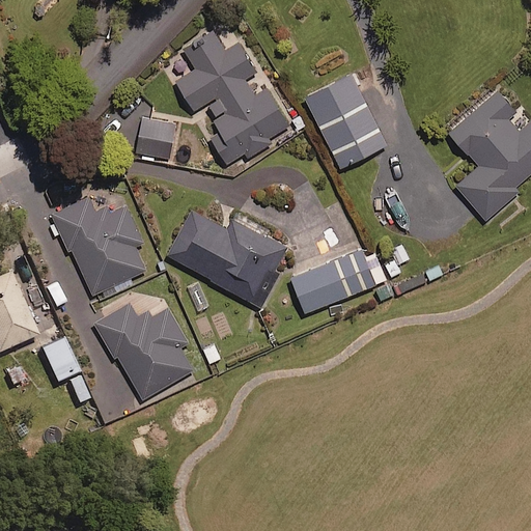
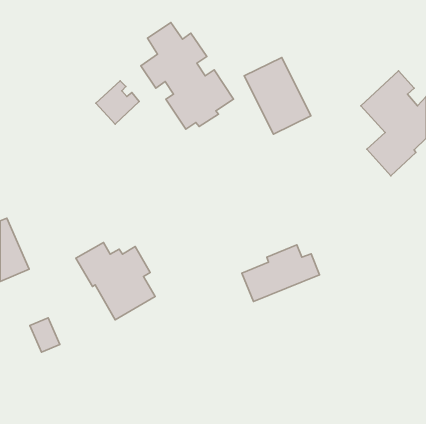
building: [51,198,147,299] -> none
building: [168,212,287,309] -> none
building: [290,244,387,314] -> [242,245,319,301]
building: [40,341,78,384] -> [30,318,60,352]

